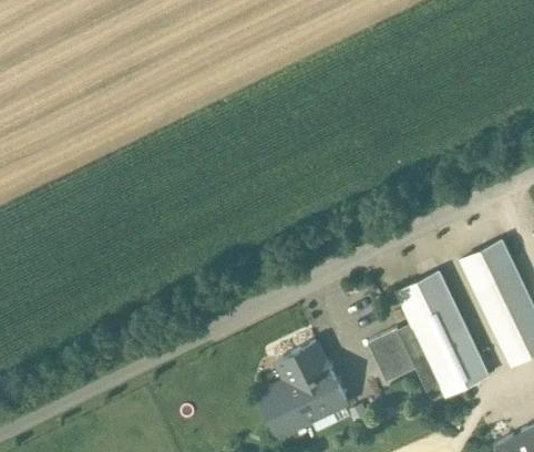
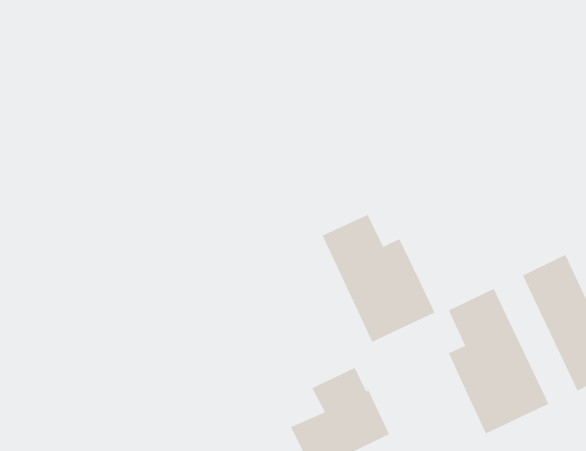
building: none -> [321,214,436,343]
building: [368,329,415,383] -> none

